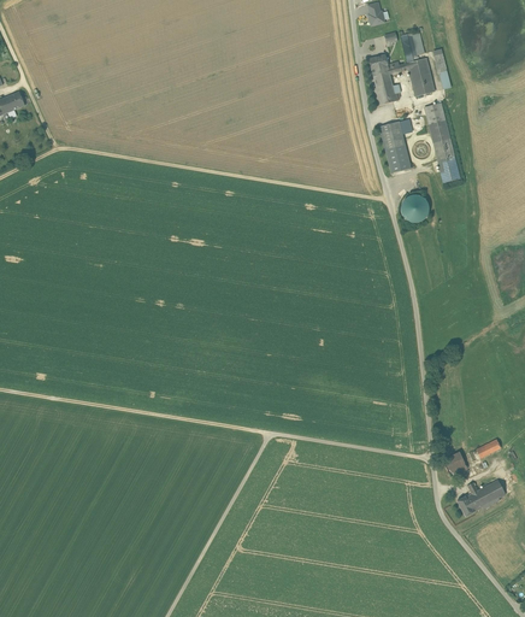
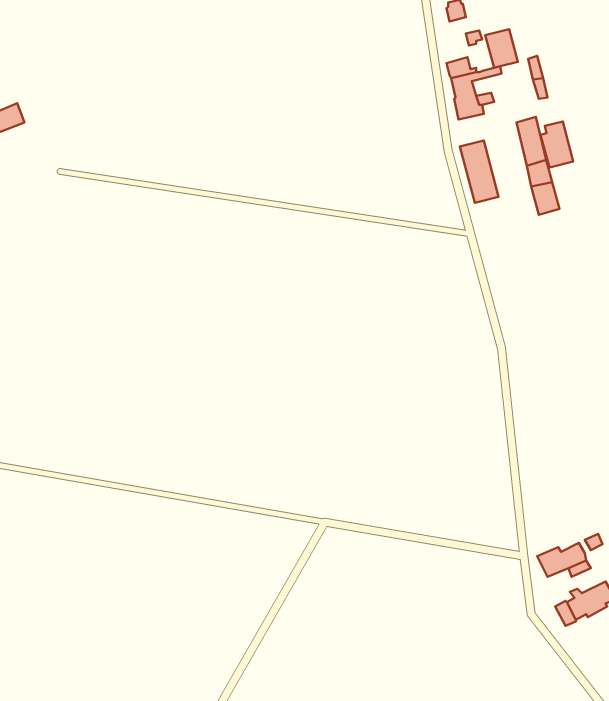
building: [408,58,435,95] -> [540,121,573,167]
building: [401,194,429,222] -> none

